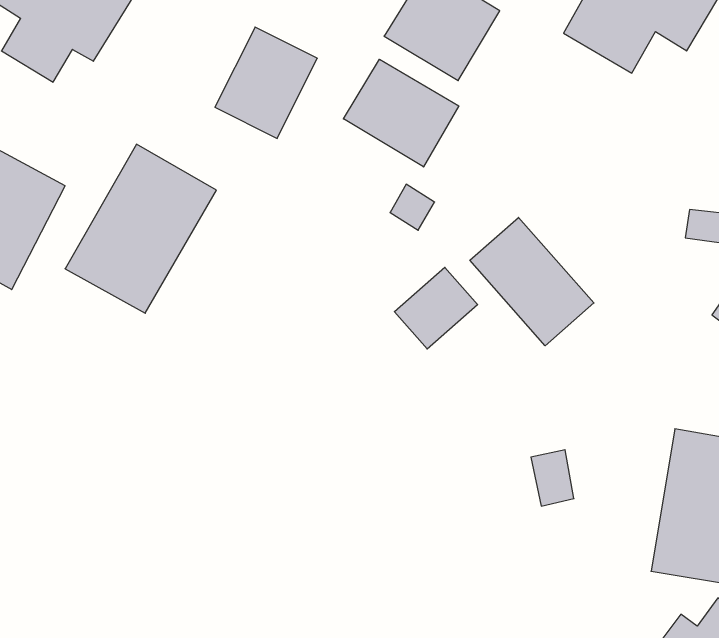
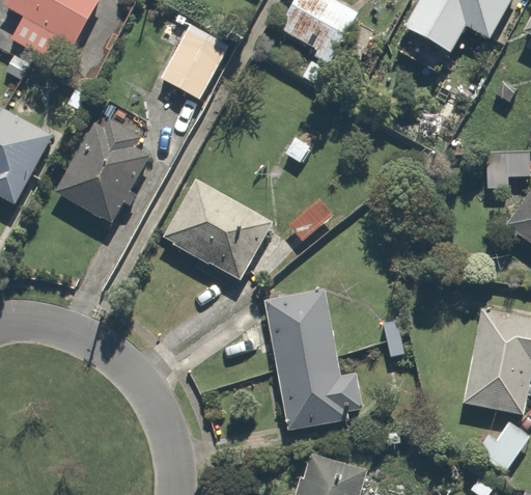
building: [343,59,459,167] -> none
building: [470,217,594,346] -> none
building: none -> [165,178,271,280]
building: none -> [264,292,364,432]

